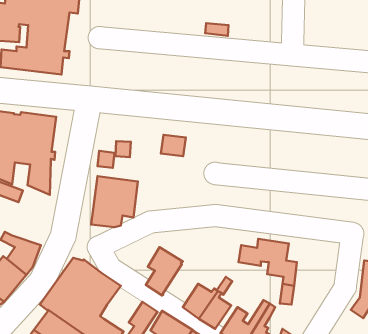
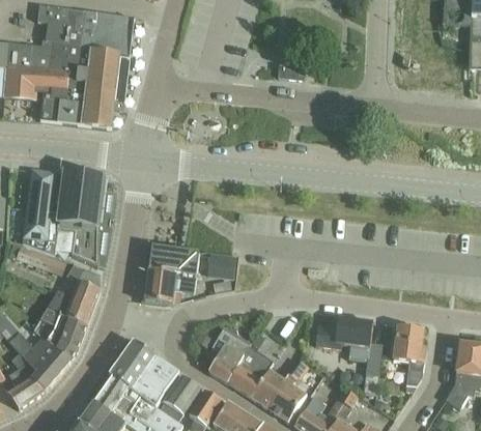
building: [161,135,186,156] -> [208,253,237,278]
building: none -> [46,262,100,324]
building: none -> [393,325,426,385]
building: none -> [227,346,274,396]
building: none -> [160,374,201,421]

